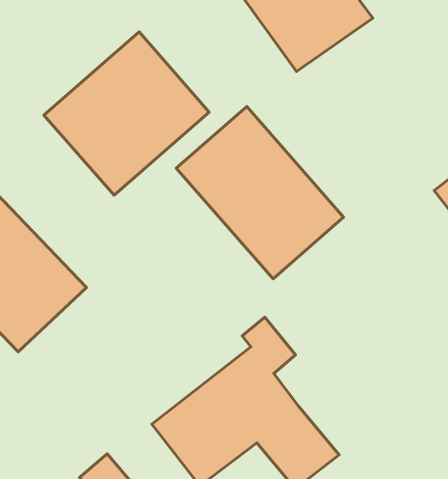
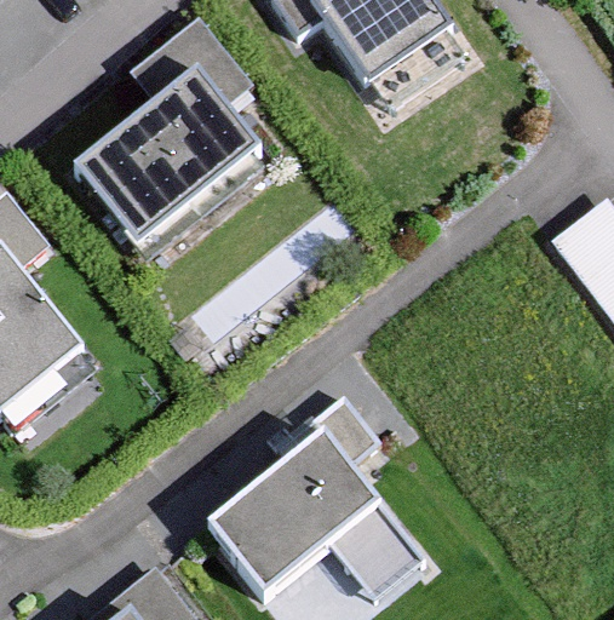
building: [176,107,343,279] -> none

